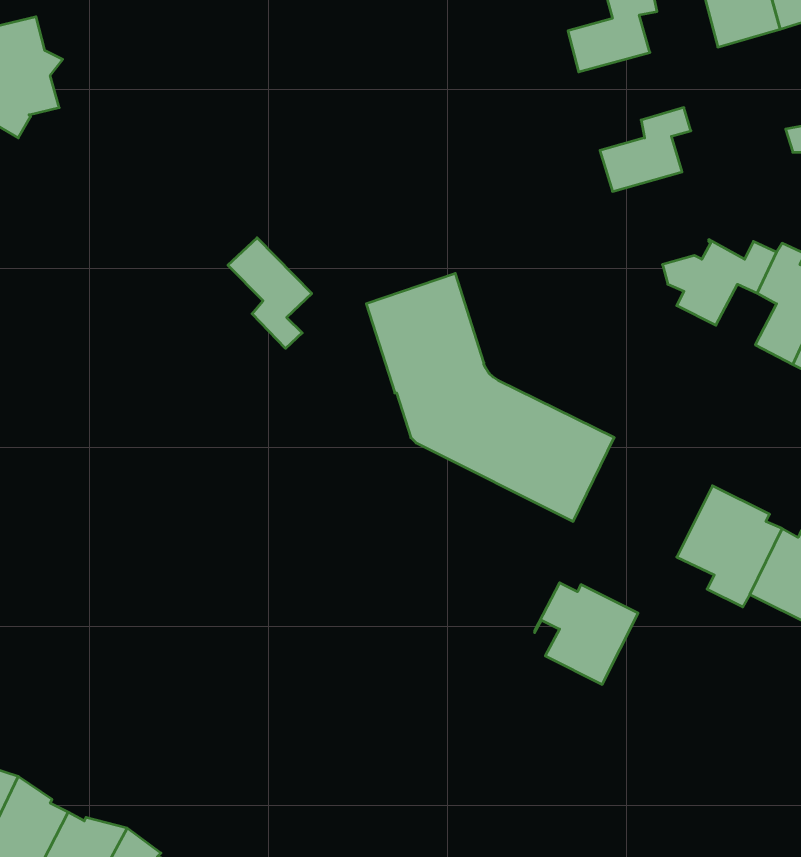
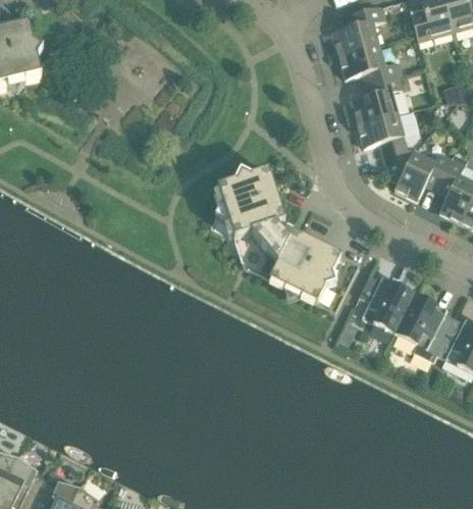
building: none -> [337,43,398,82]
building: none -> [357,111,413,164]
building: [228,238,312,348] -> none
building: [535,583,638,684] -> [355,273,414,332]

